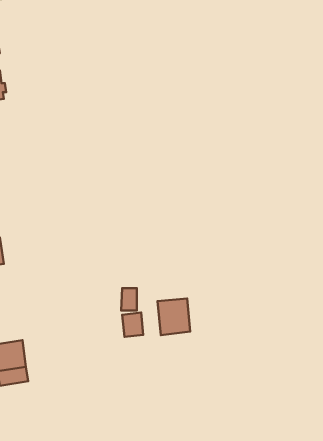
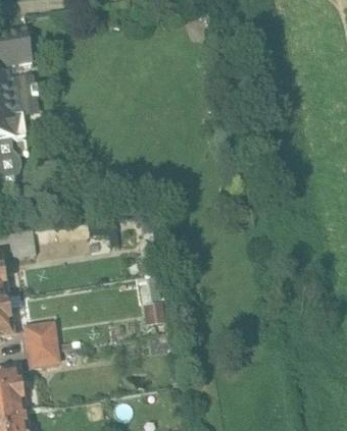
building: [157,299,190,335] -> none

